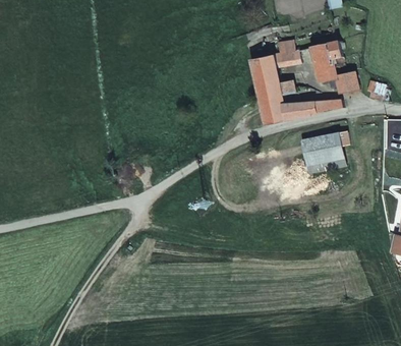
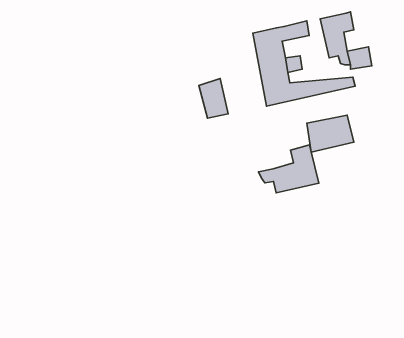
building: none -> [199,79,228,118]
building: none -> [258,145,319,193]

